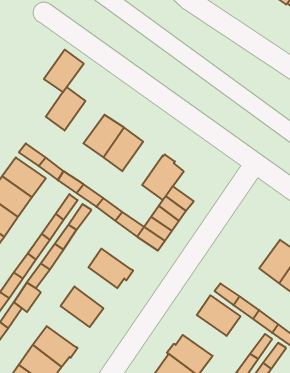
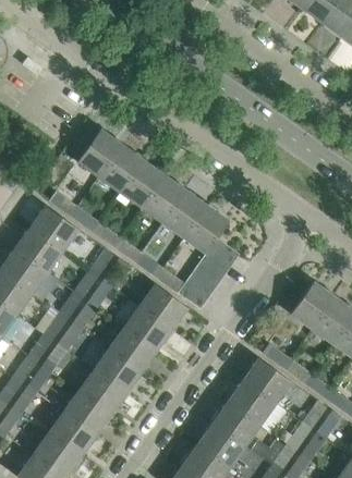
building: [44,50,84,92] -> [98,145,142,192]
building: none -> [161,189,206,237]
building: none -> [290,282,335,329]
building: none -> [138,284,187,330]
building: none -> [109,328,156,372]
building: none -> [78,370,125,415]
building: none -> [228,380,276,425]

